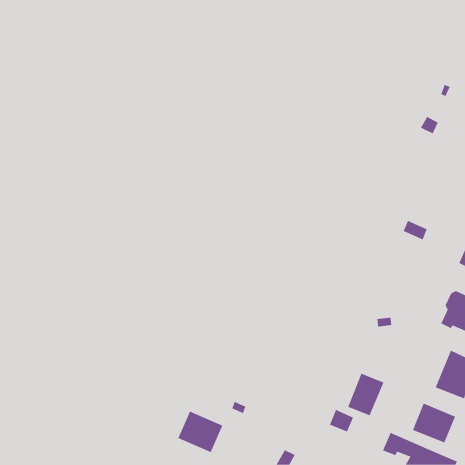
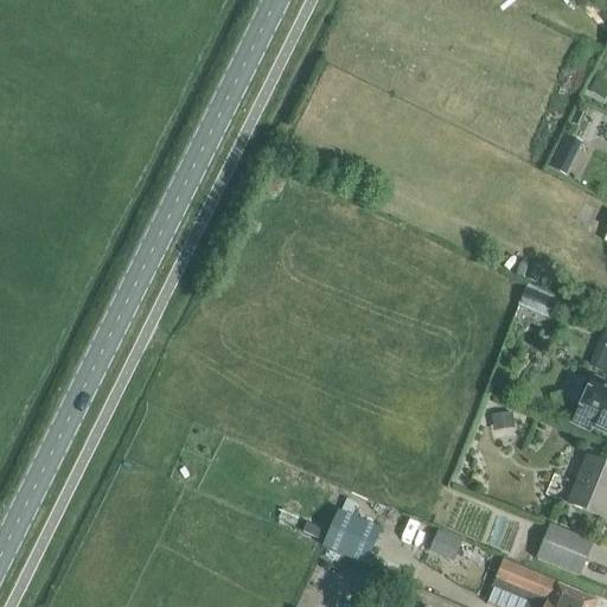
building: [348,373,384,416] -> none
building: [178,411,223,453] -> [322,509,382,563]

